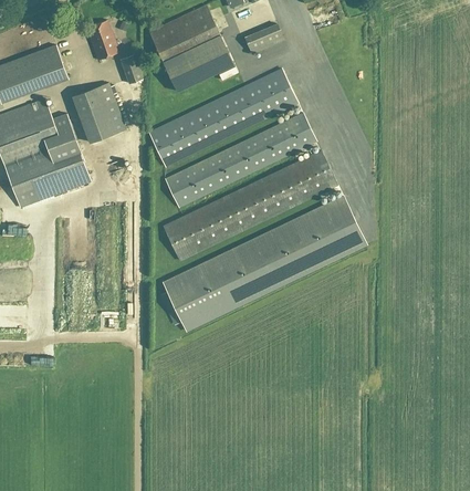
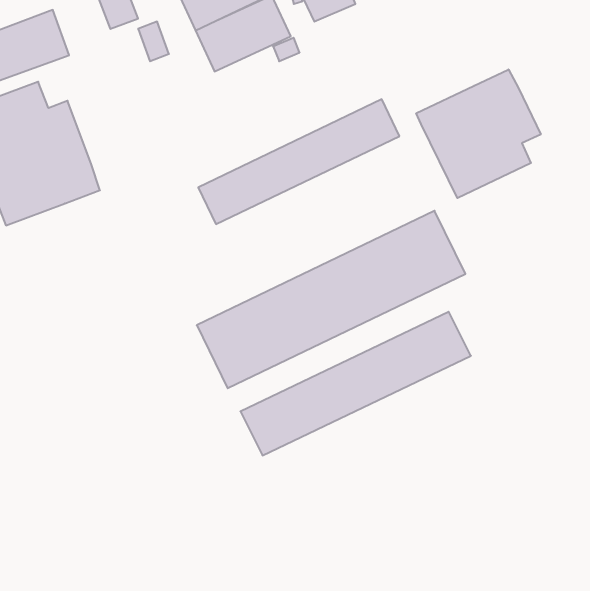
building: [148,69,296,165] -> none
building: [71,82,125,142] -> none
building: none -> [416,69,541,198]
building: [163,150,336,259] -> [240,312,471,455]

